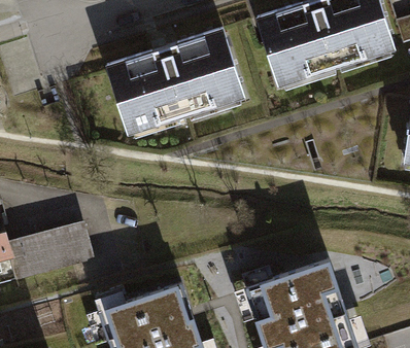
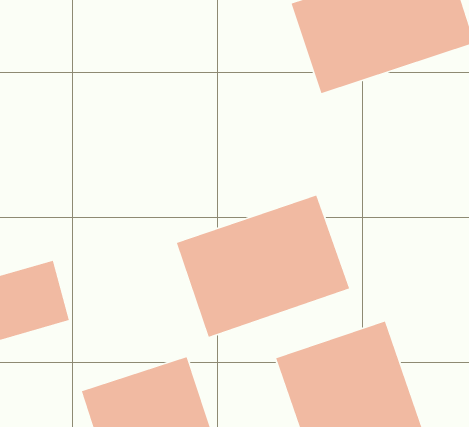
building: [108,31,248,137] -> none
building: none -> [176,194,350,338]

